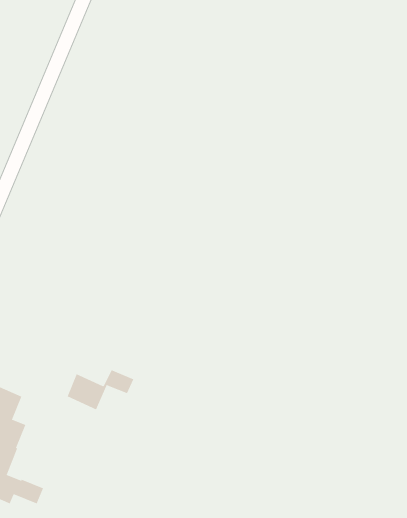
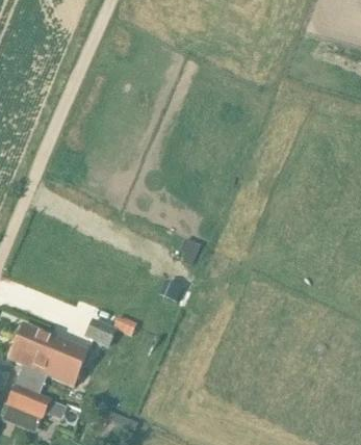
building: none -> [43,335,87,385]

